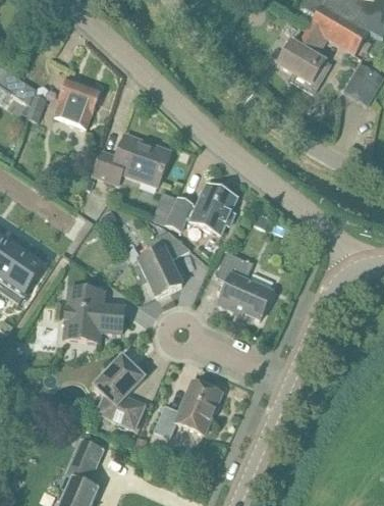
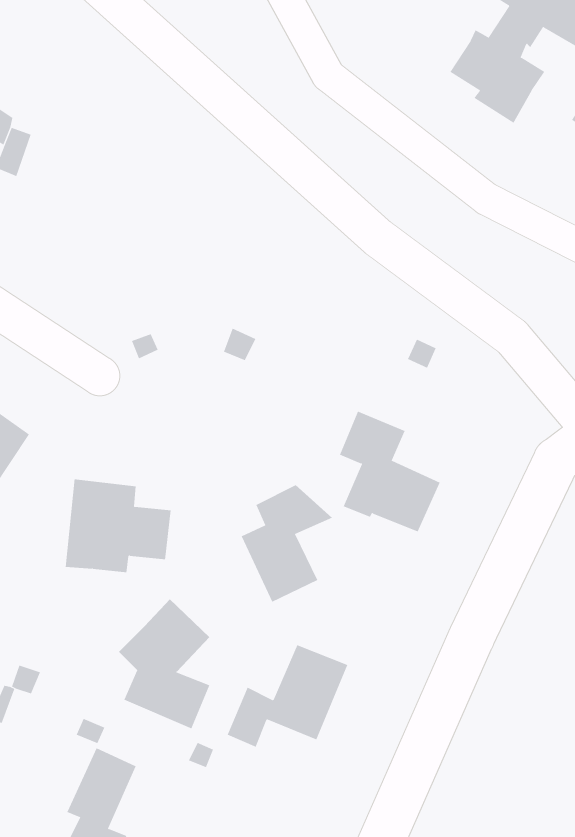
building: [55,77,101,130] -> none
building: [93,137,170,186] -> none
building: [167,185,236,235] -> none
building: [139,232,189,297] -> [241,485,333,602]

